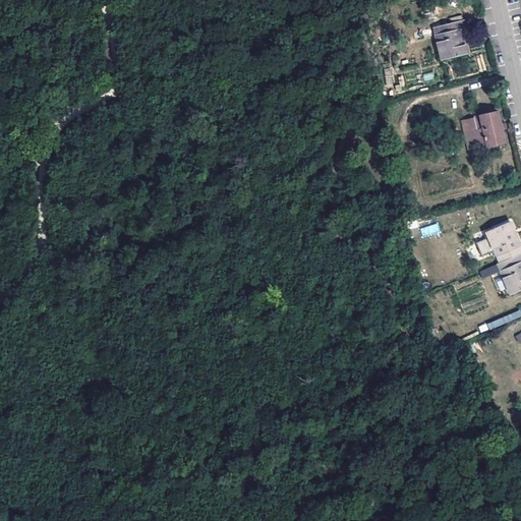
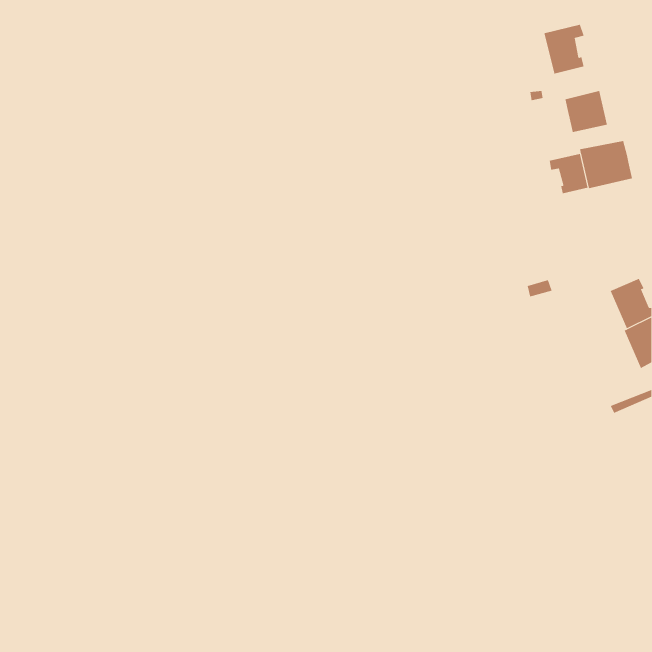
building: none -> [565,90,607,133]
building: none -> [549,153,588,194]

